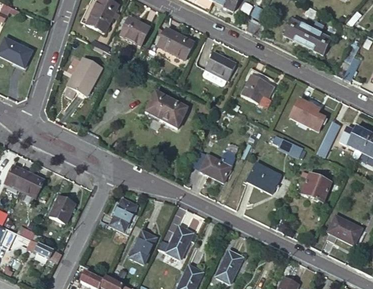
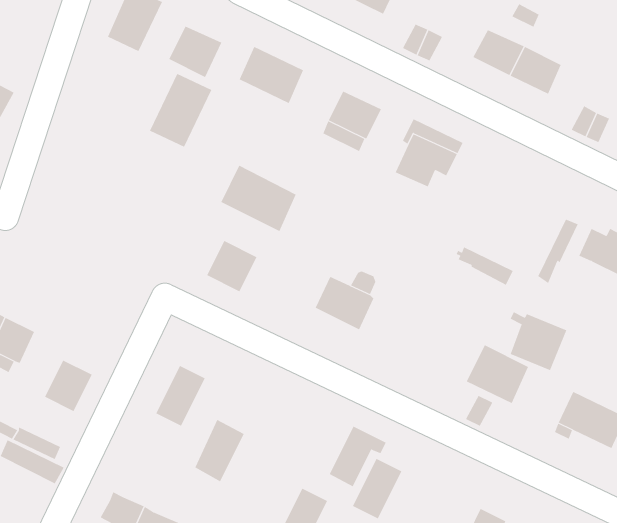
building: [68,56,102,96] -> [149,73,212,147]
building: [288,97,323,130] -> none
building: none -> [206,240,257,292]
building: [248,162,282,194] -> [466,344,529,404]
building: [167,226,198,259] -> [329,426,386,487]

